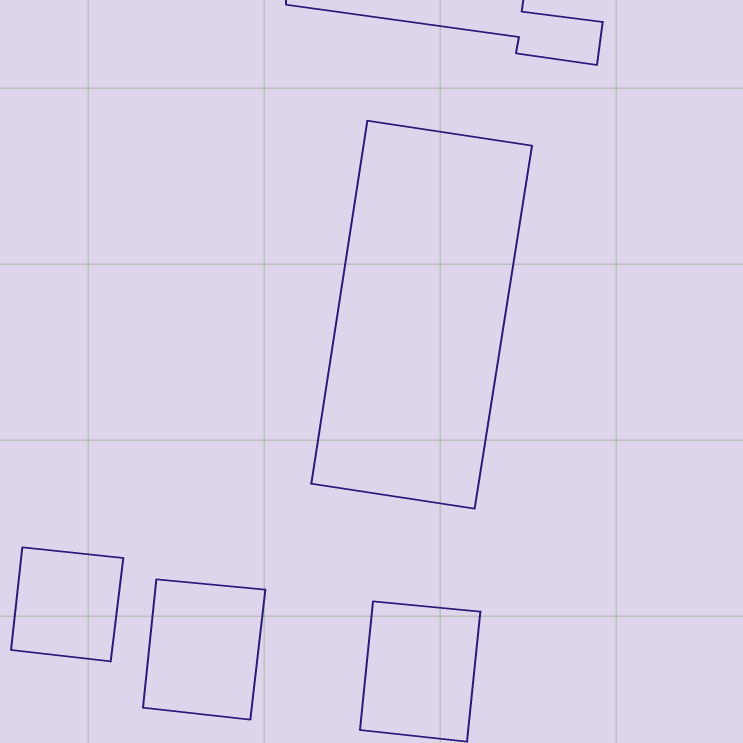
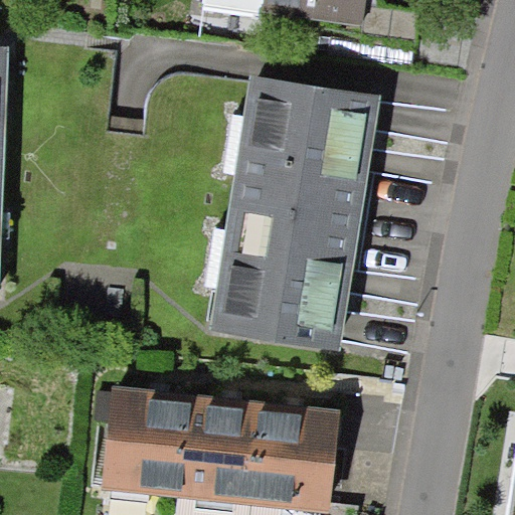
building: [11,547,123,662] -> none
building: none -> [178,402,262,498]

